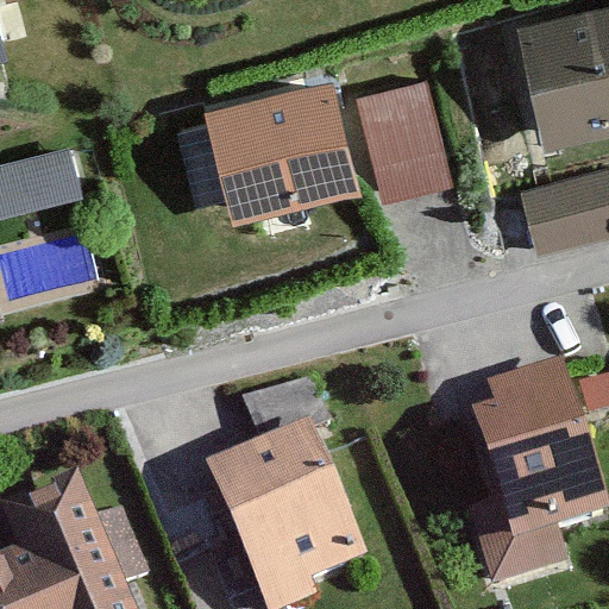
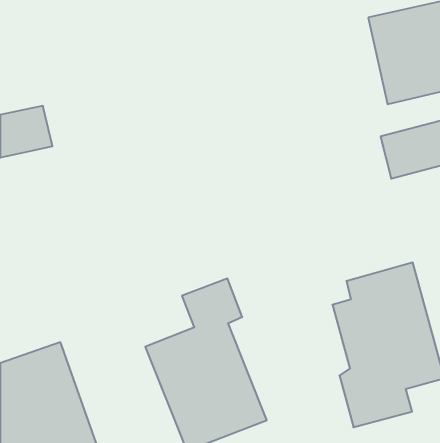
building: [356,77,446,177] -> none
building: [195,79,357,220] -> none

